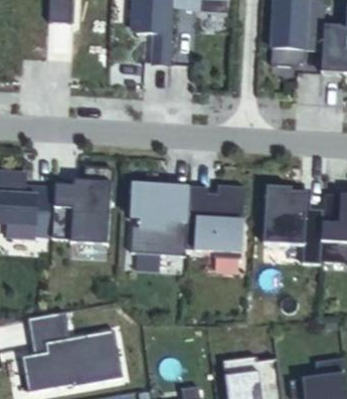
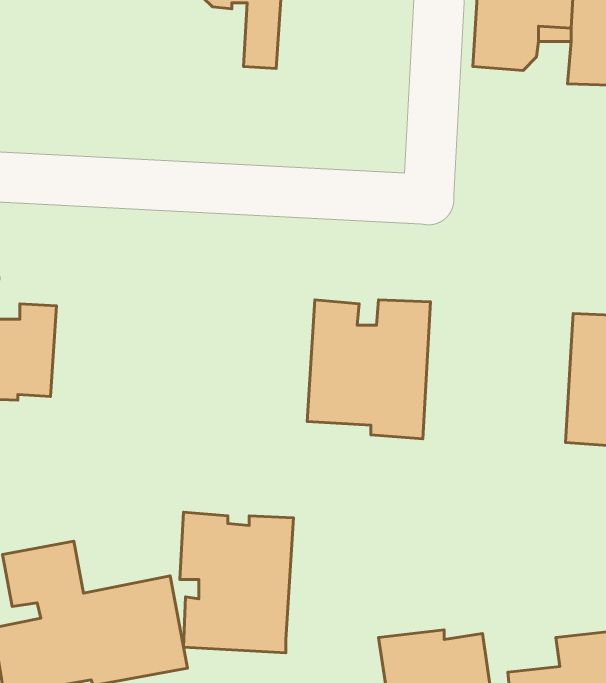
building: [51,170,110,241] -> none
building: [130,182,189,255] -> [180,512,293,653]
building: [264,186,323,263] -> none

